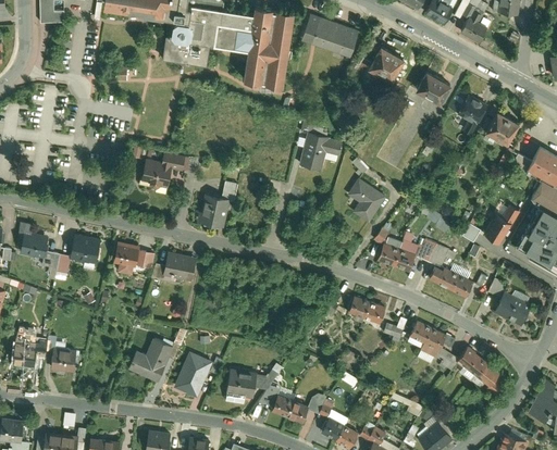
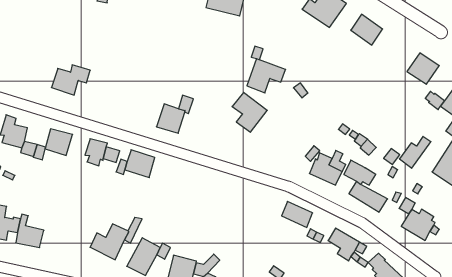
building: [456,92,487,135] -> none
building: [140,152,184,187] -> [51,65,90,95]
building: [345,177,386,223] -> [232,92,267,132]

